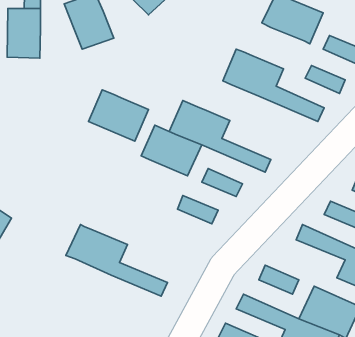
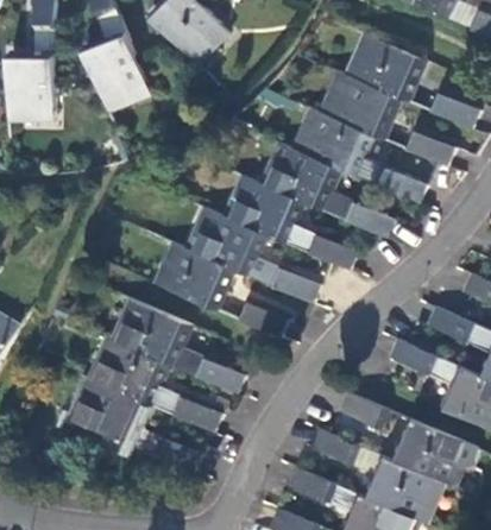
building: none -> [320,70,399,138]
building: none -> [259,143,394,236]
building: [89,90,148,141] -> [153,241,232,309]
building: none -> [111,298,243,393]
building: none -> [68,377,201,471]

